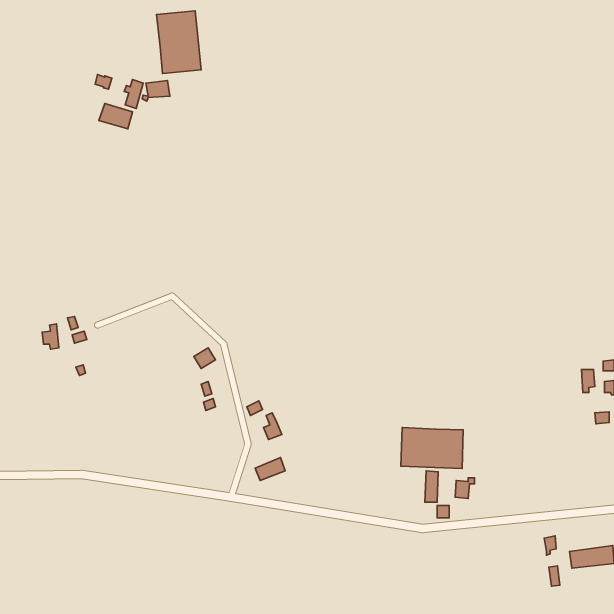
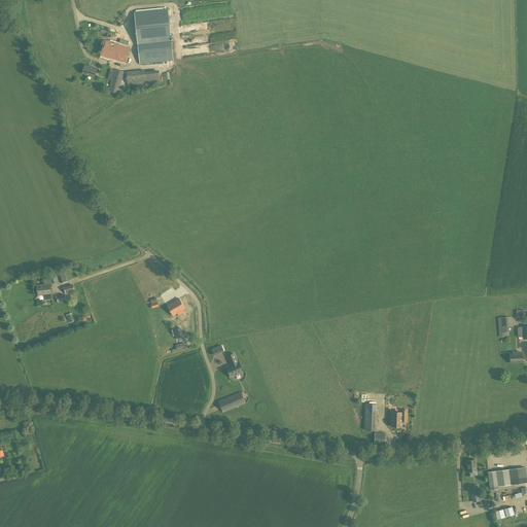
building: [99,104,132,129] -> [100,40,129,62]
building: [401,428,463,468] -> none

